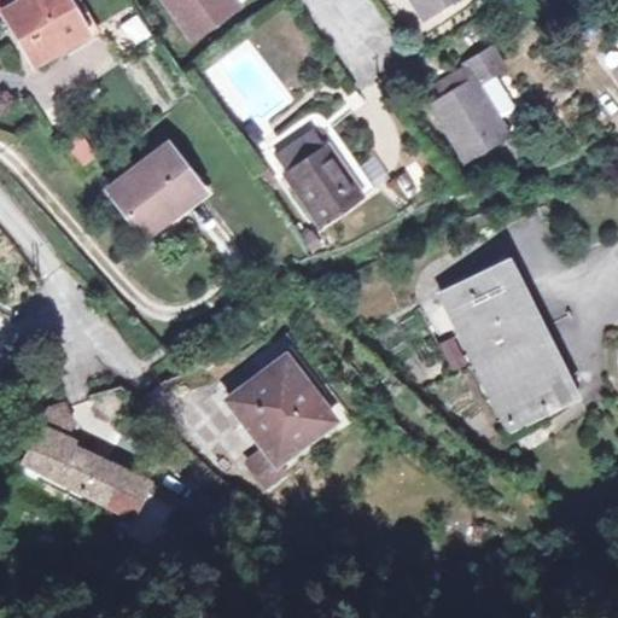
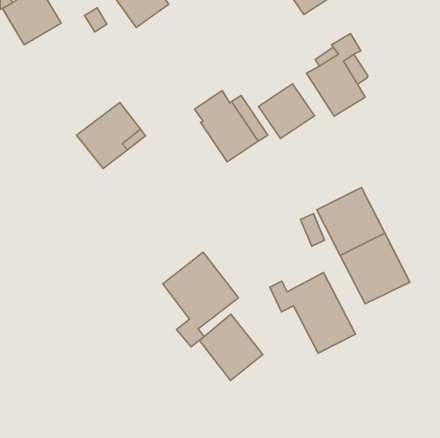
building: none -> [259,84,314,139]
building: none -> [270,272,355,353]
building: [23,402,176,549] -> none
building: none -> [199,314,263,380]

